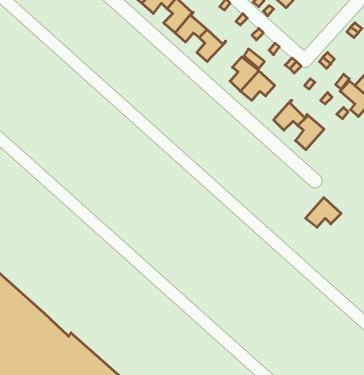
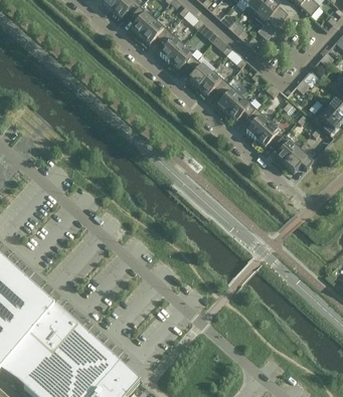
building: none -> [197,68,227,94]
building: none -> [245,107,271,137]
building: [306,198,341,227] -> [284,145,315,171]

